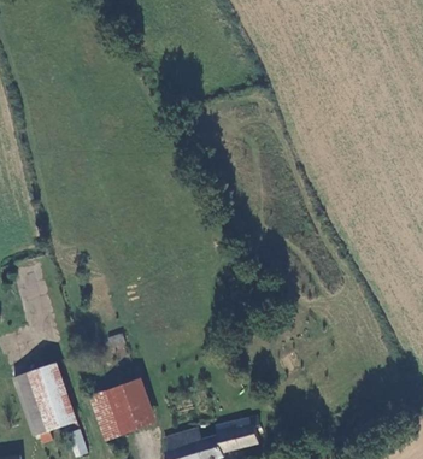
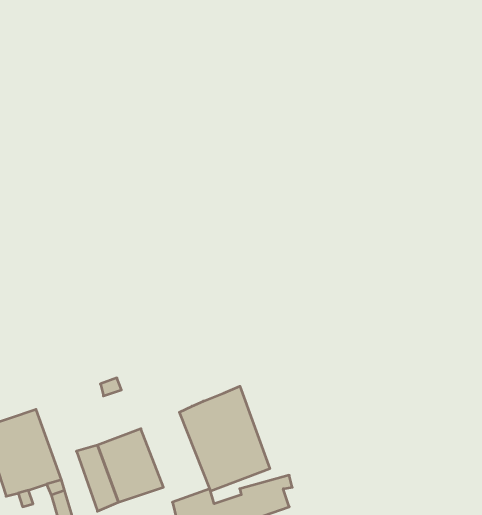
building: none -> [179,386,270,491]

